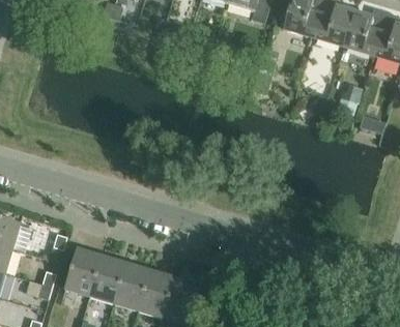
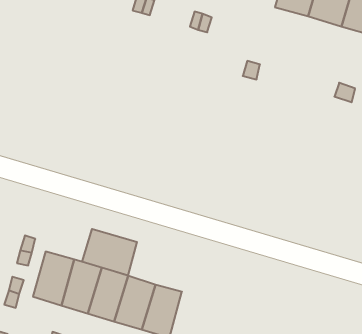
building: none -> [82,229,137,275]

